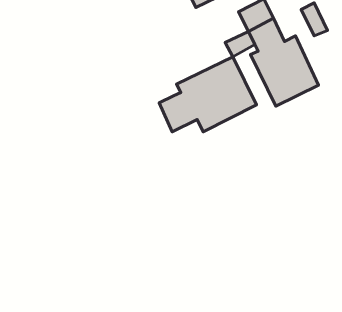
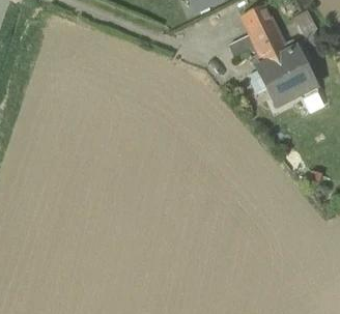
building: [159,57,256,132] -> none

